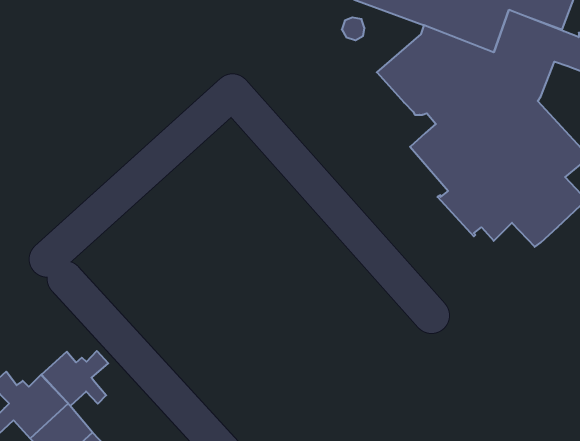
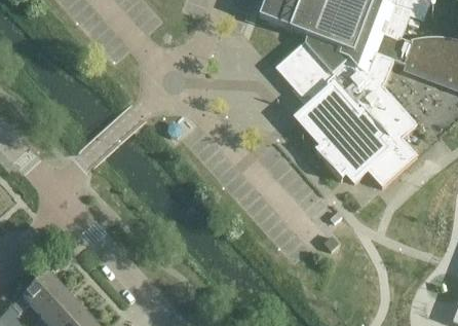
building: [41,351,108,406] -> none

